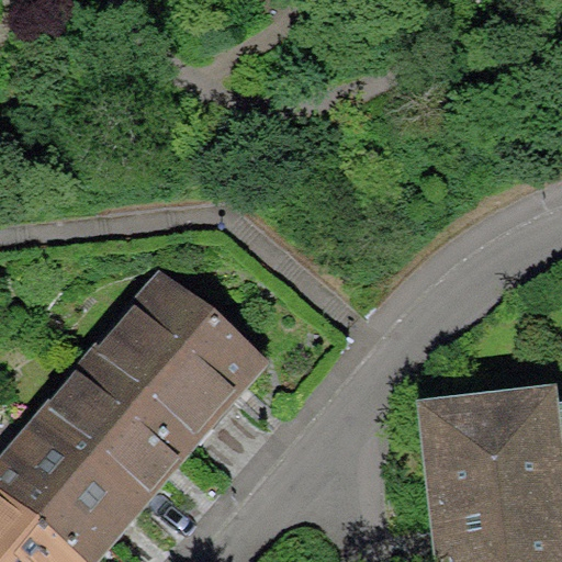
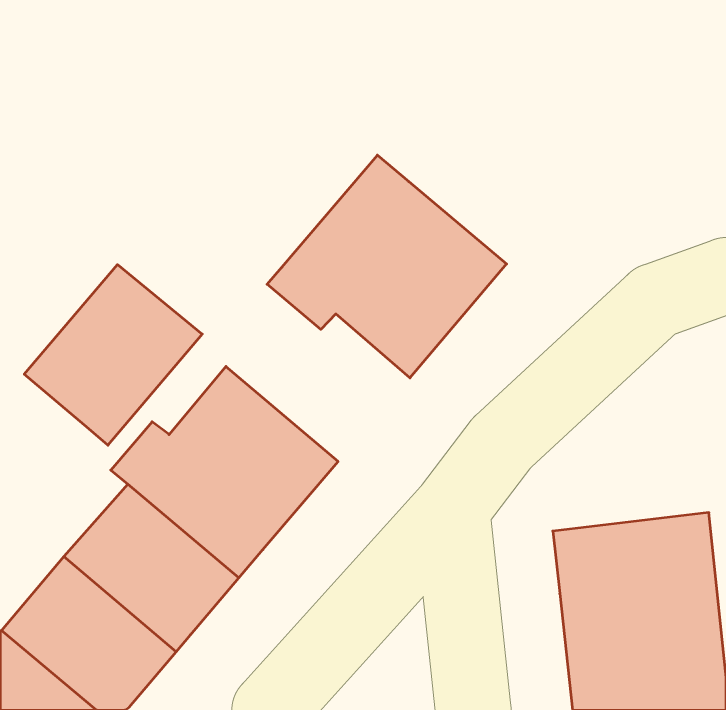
building: none -> [267,155,507,378]
building: none -> [24,265,202,445]

